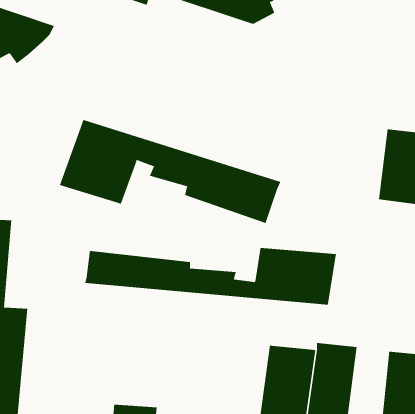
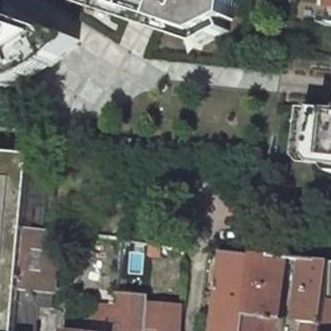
building: [59,119,281,224] -> none
building: [84,247,336,306] -> none

